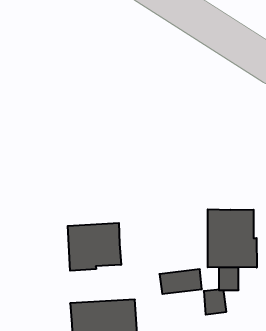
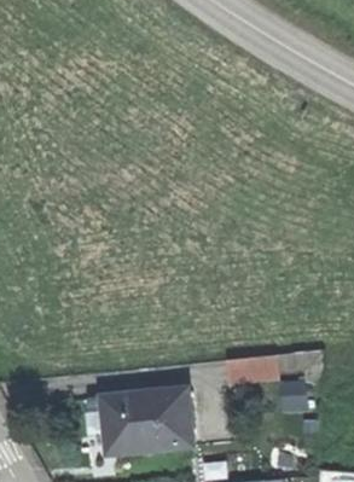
building: [208,209,257,268] -> none
building: [68,223,121,271] -> none

